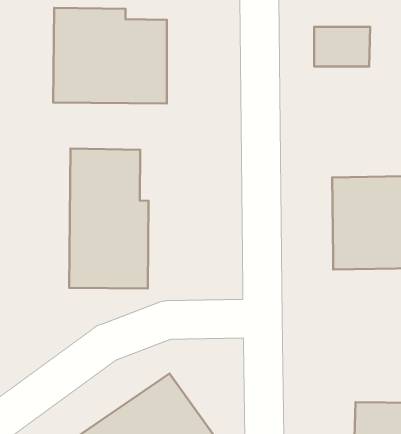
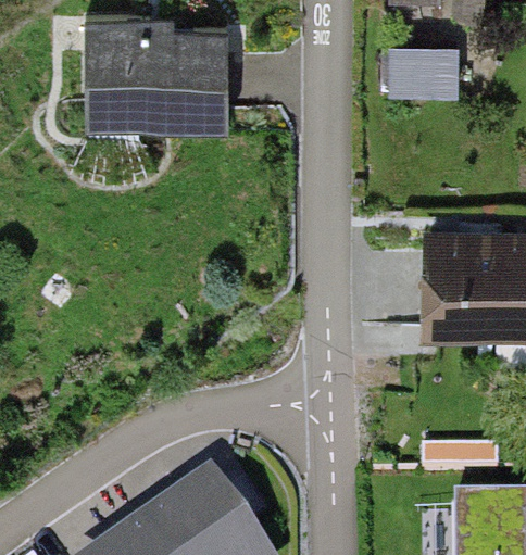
building: [69,148,149,289] -> none

